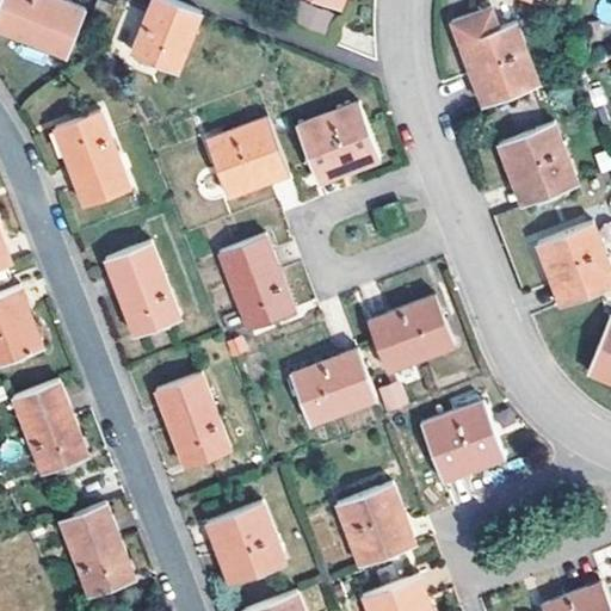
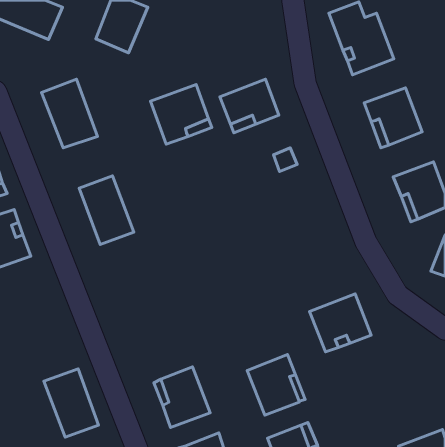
building: [217,236,292,332] -> none
building: [369,298,453,372] -> none
building: [290,352,376,426] -> none
building: [156,374,232,467] -> none
building: [14,382,88,474] -> none

